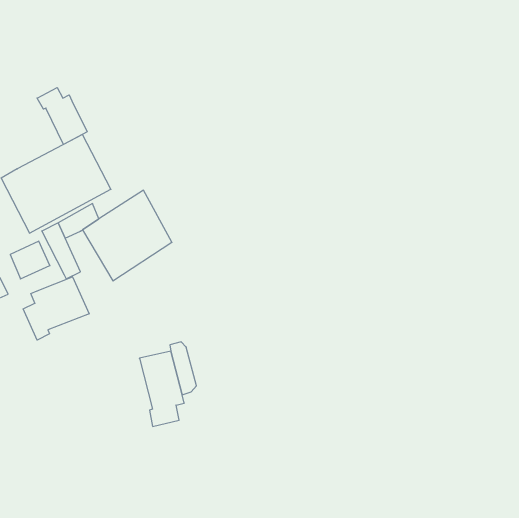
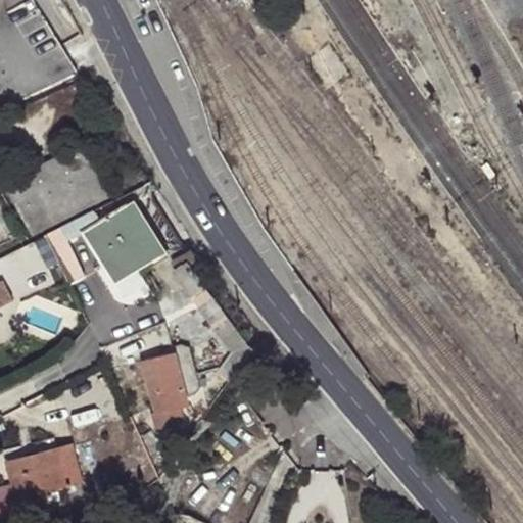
building: [37,88,87,144] -> none
building: [23,277,89,340] -> none
building: none -> [4,447,81,516]

